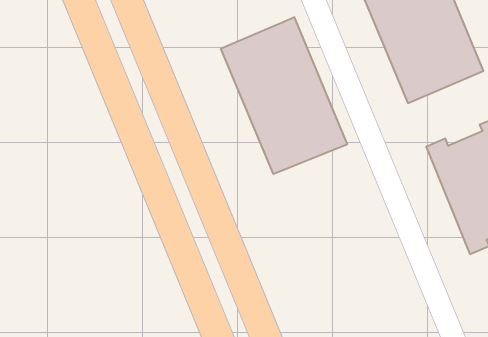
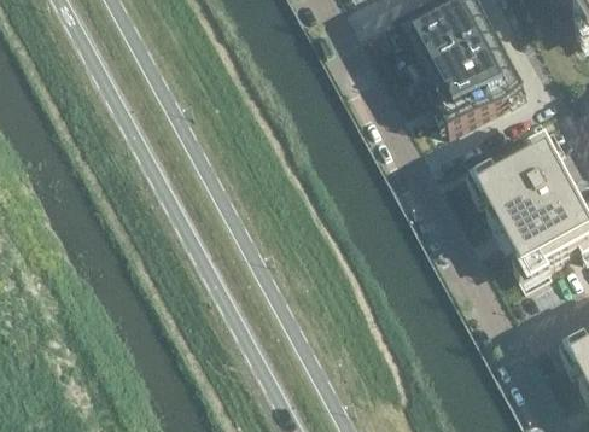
building: [221,17,347,174] -> none

